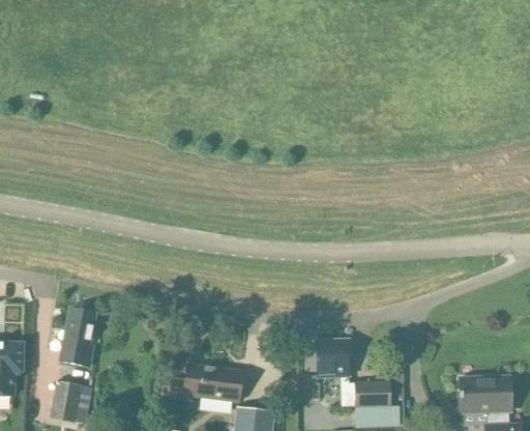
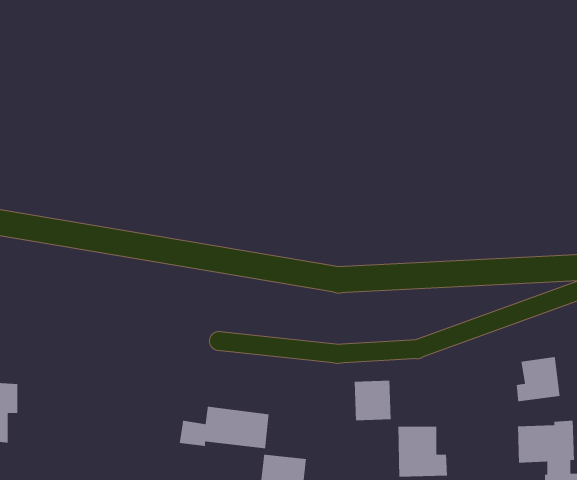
building: [60,307,95,367] -> none
building: none -> [516,356,561,402]
building: [50,380,83,422] -> none

